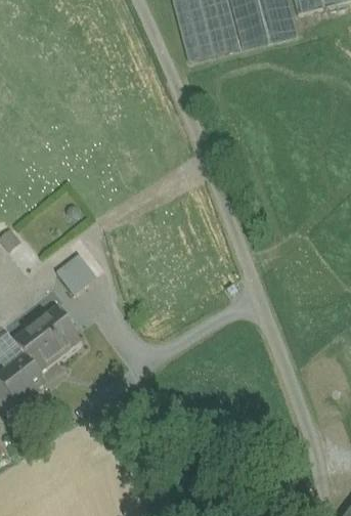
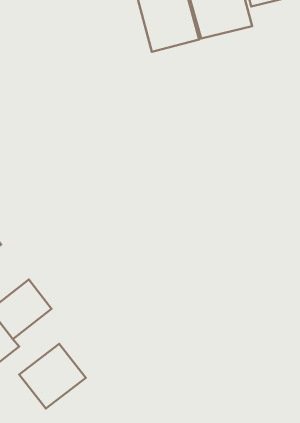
building: [54,251,95,292] -> none
building: none -> [19,344,86,409]

